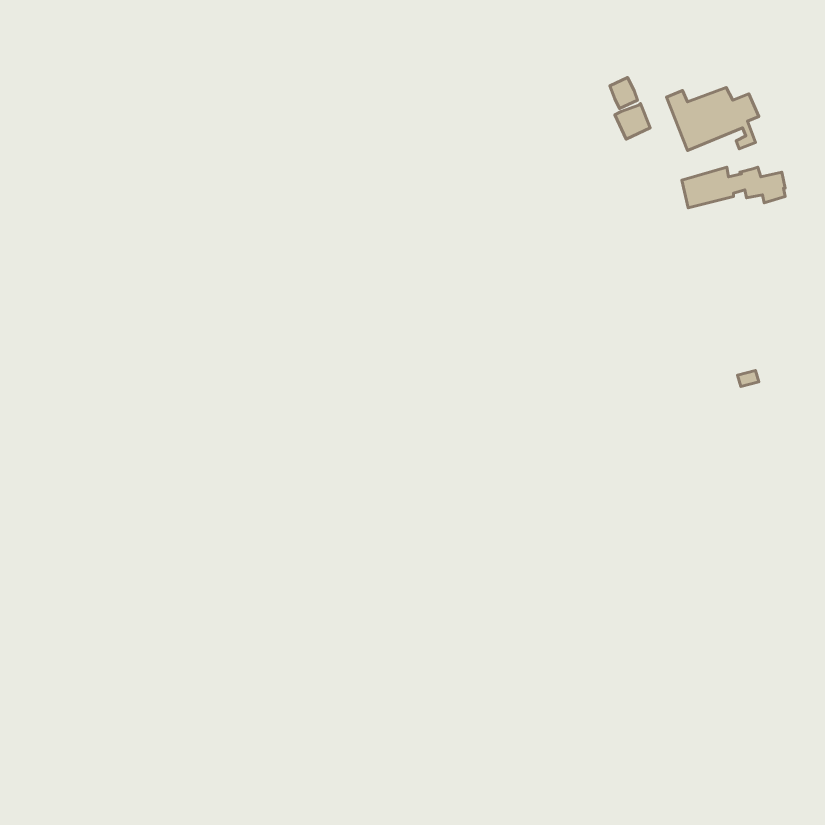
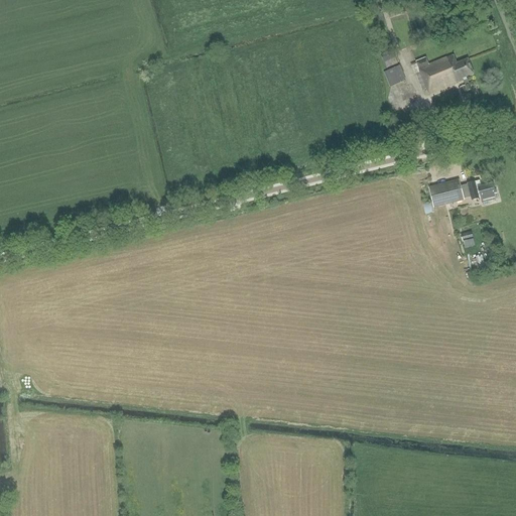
building: [682,167,785,208] -> [430,180,495,206]

